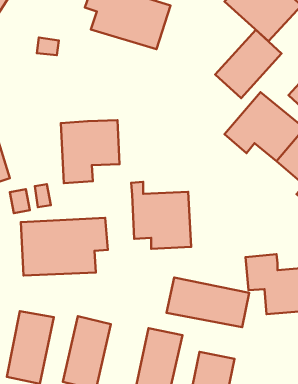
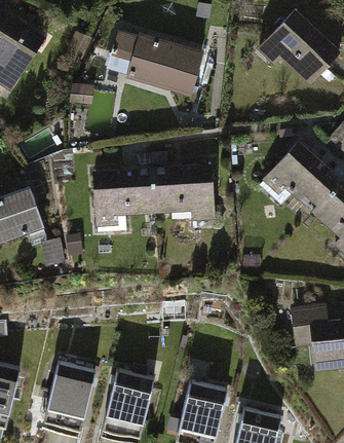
building: [215,30,281,98] -> none
building: [131,182,191,249] -> [154,154,216,223]
building: [21,218,108,276] -> none
building: [167,277,249,327] -> none

